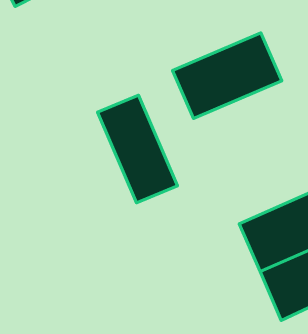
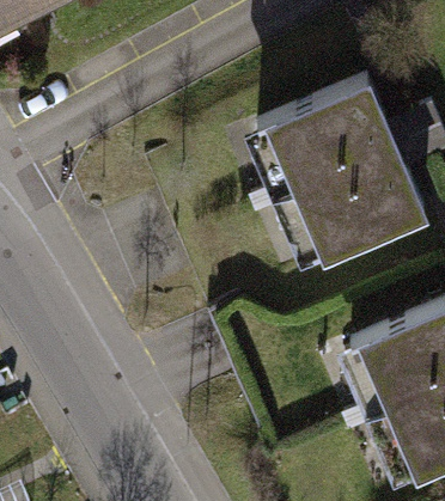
building: none -> [276,138,431,259]
building: [98,95,177,203] -> none

